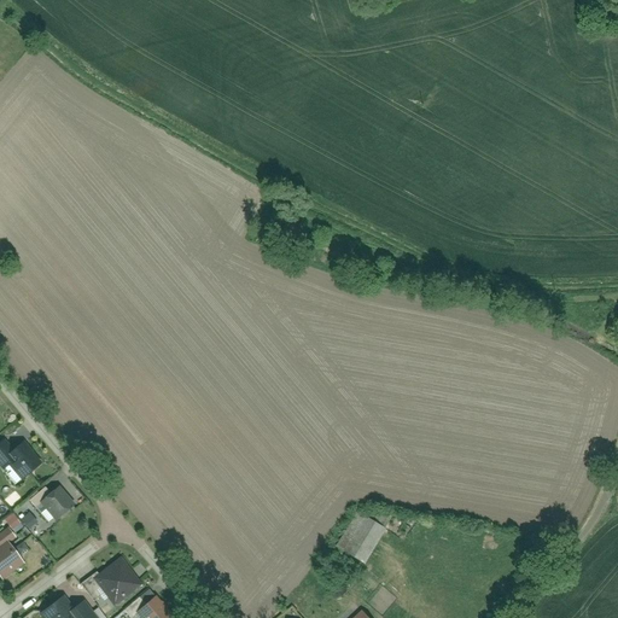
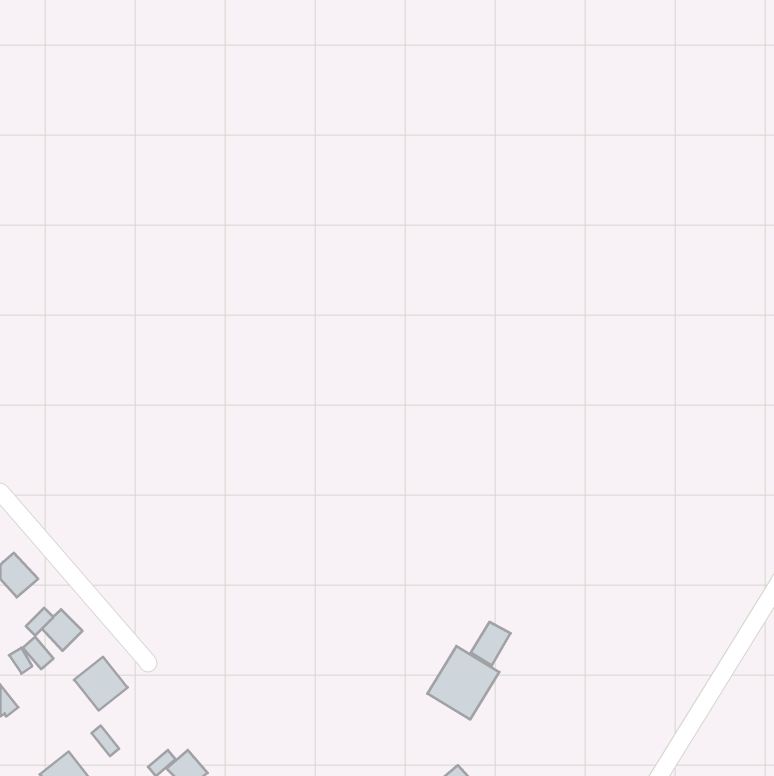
building: none -> [471,622,511,665]
building: [95,559,138,601] -> [74,657,128,710]

